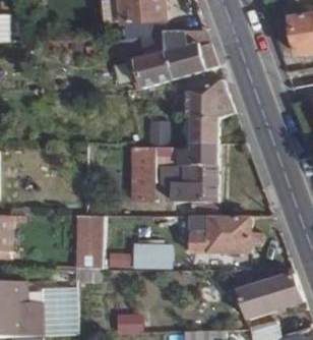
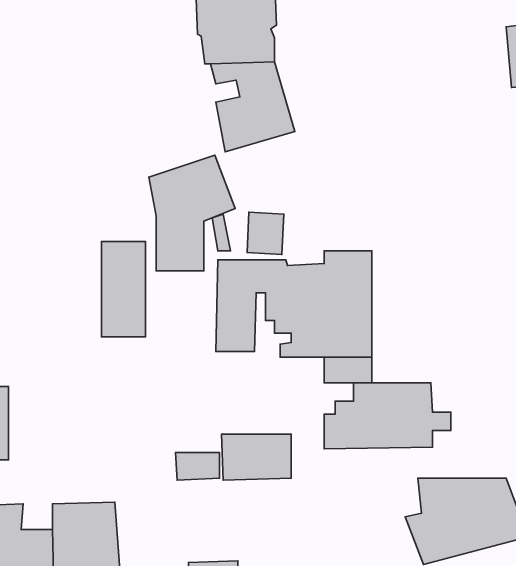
building: [164,29,218,75] -> none
building: [187,77,235,141] -> [149,155,235,271]
building: [77,216,102,269] -> [102,241,146,337]

